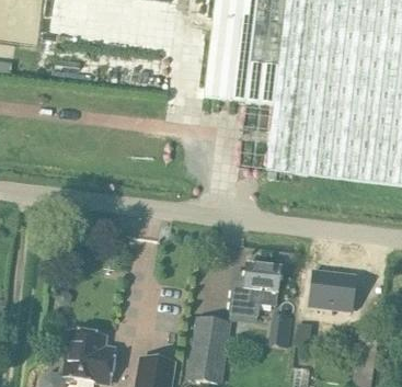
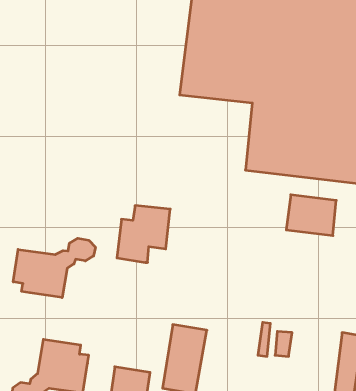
building: none -> [13,238,95,298]
building: [229,264,280,319] -> [117,206,170,262]
building: [308,273,356,312] -> [286,195,336,236]

